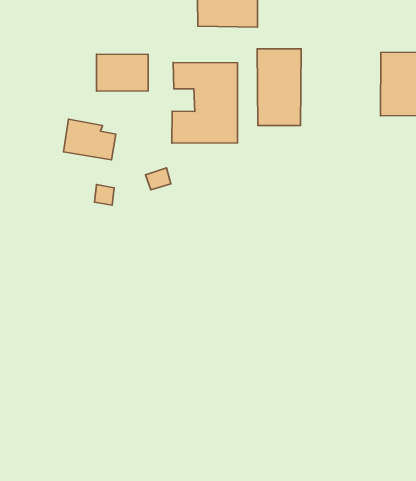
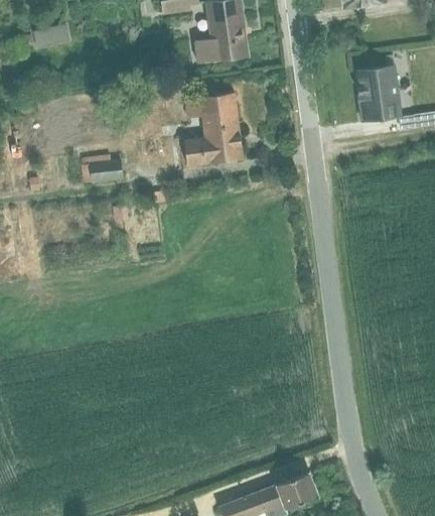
building: [257,49,301,126] -> none
building: [96,54,148,91] -> none

